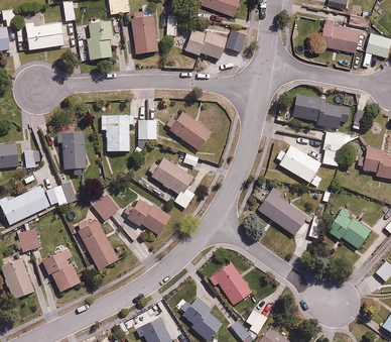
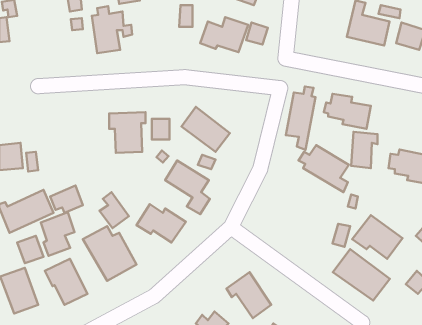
building: [131,16,158,54] -> none
building: [18,21,63,49] -> none
building: none -> [286,87,316,150]
building: [57,132,86,169] -> none
building: [256,188,308,235] -> [333,249,390,301]
building: none -> [41,212,75,256]

